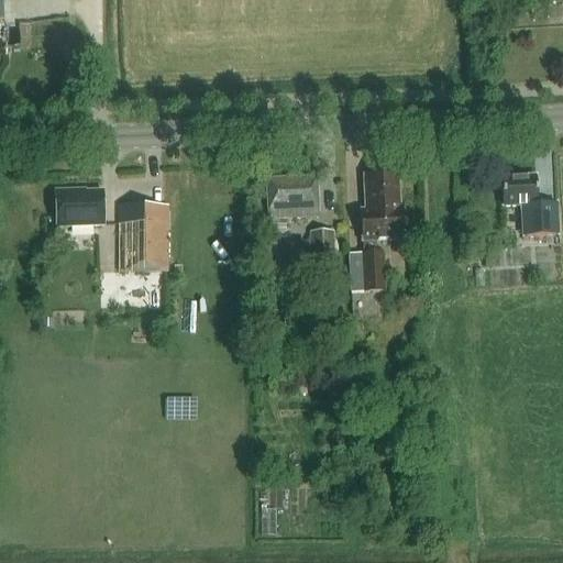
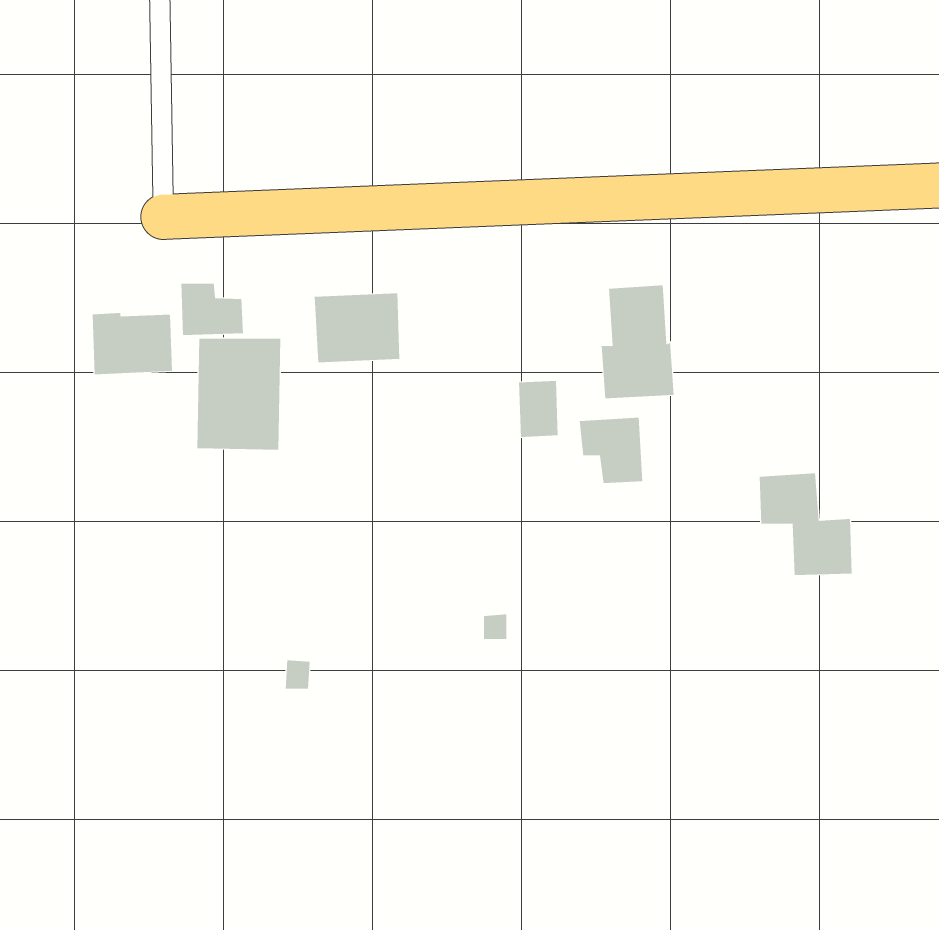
building: none -> [181,283,243,336]
building: [501,173,558,234] -> [759,473,853,576]
building: [266,174,318,216] -> [314,293,400,363]

